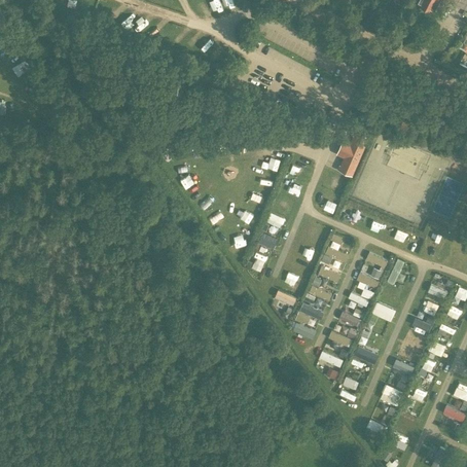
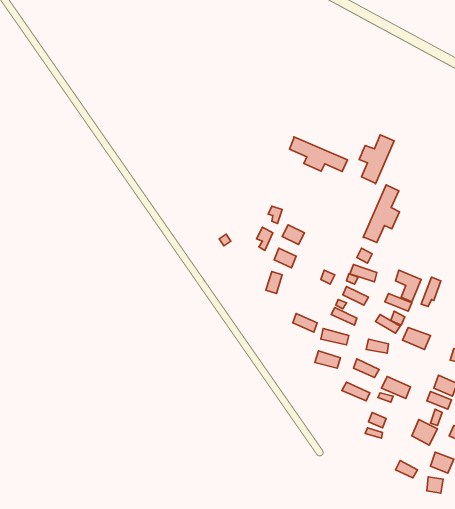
building: none -> [290,137,347,171]
building: none -> [363,185,399,242]

